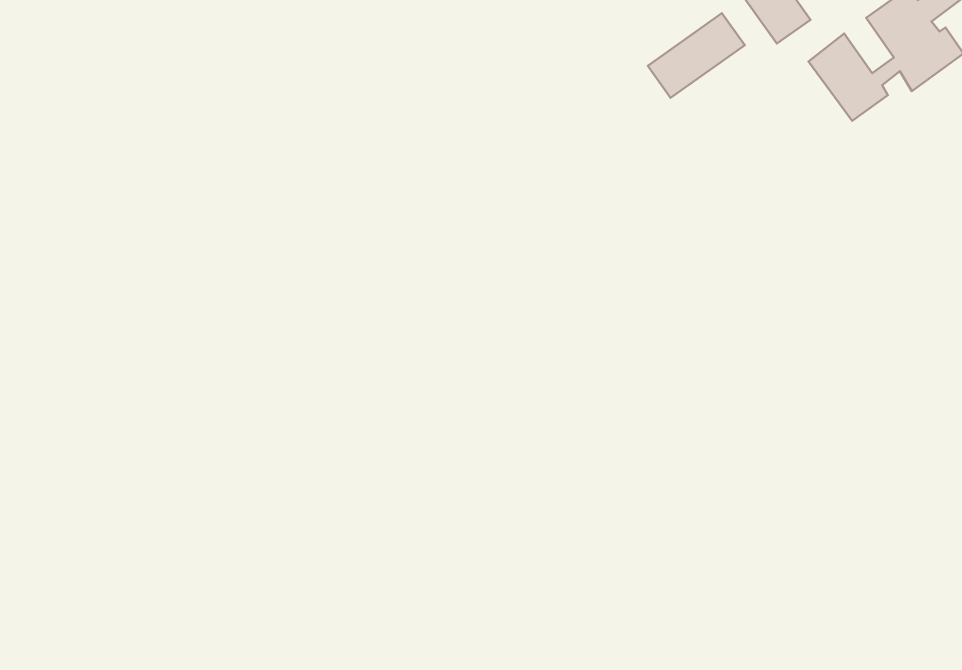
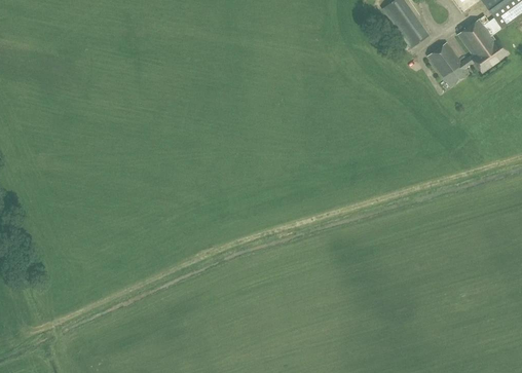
building: [648,13,745,98] -> none

